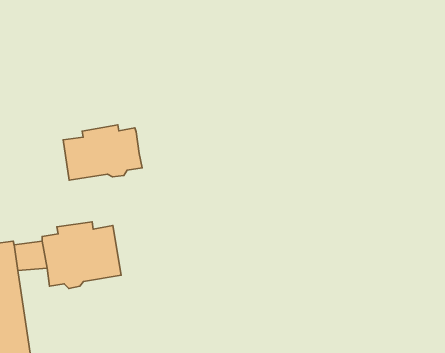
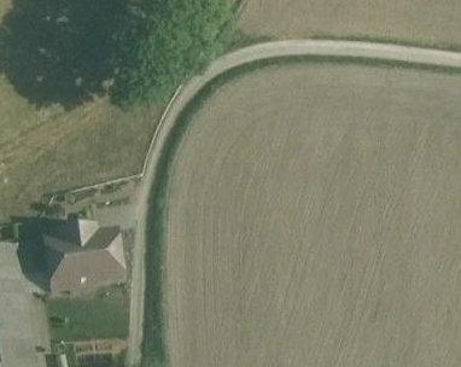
building: [63,125,142,180] -> none

